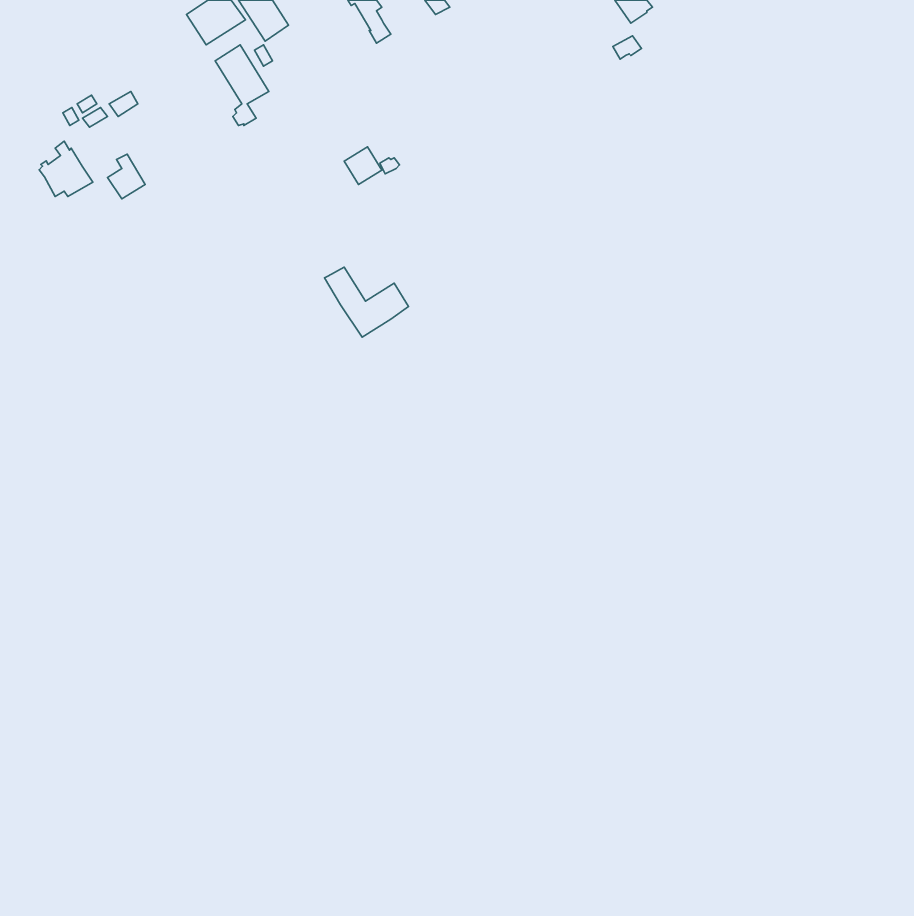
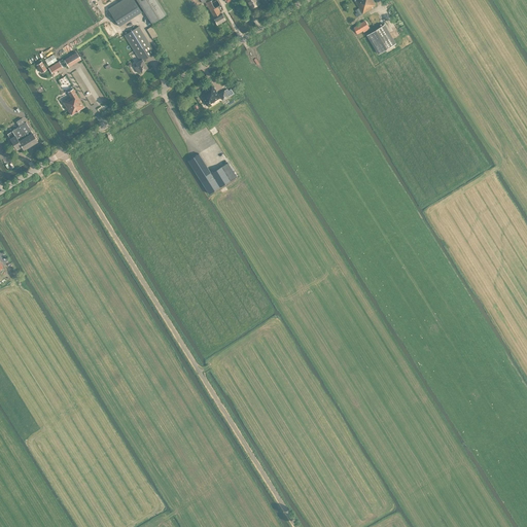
building: none -> [366,26,393,54]
building: [39,141,93,197] -> [6,117,37,149]

